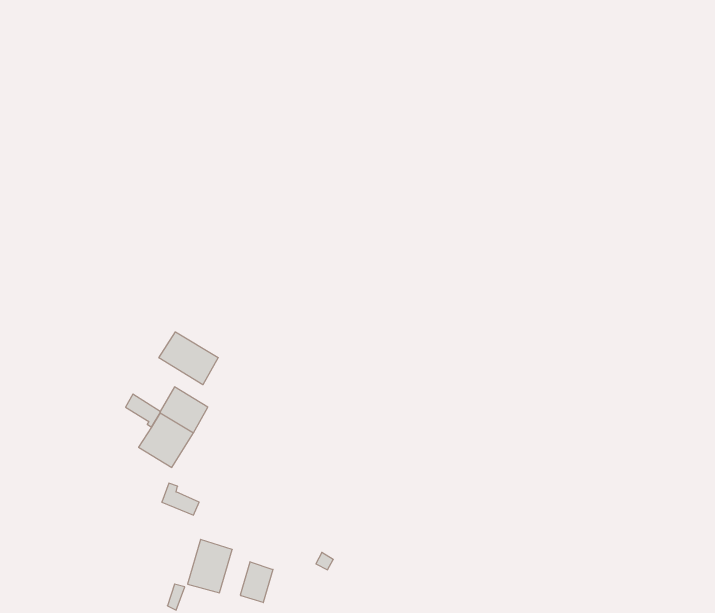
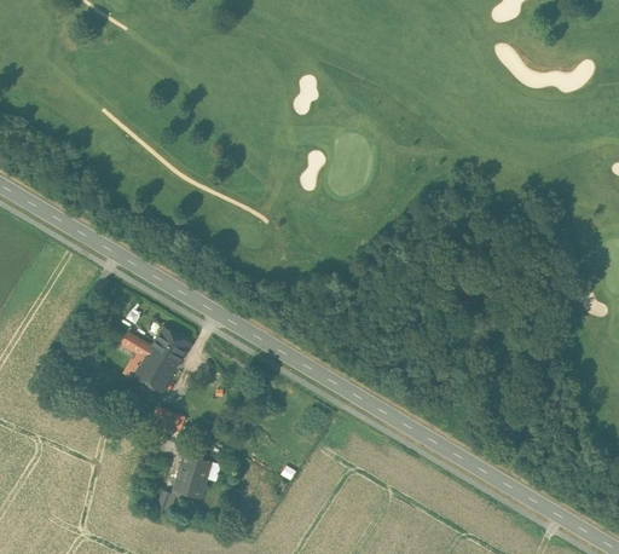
building: [159,332,218,385] -> none
building: [240,562,273,603] -> none

